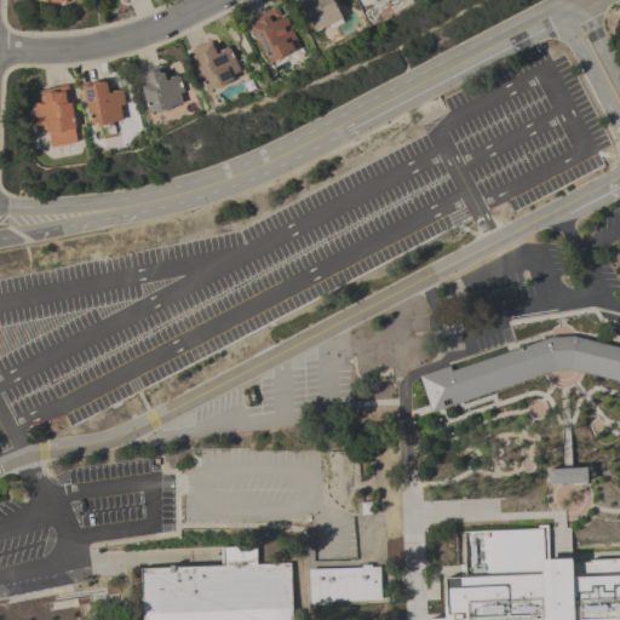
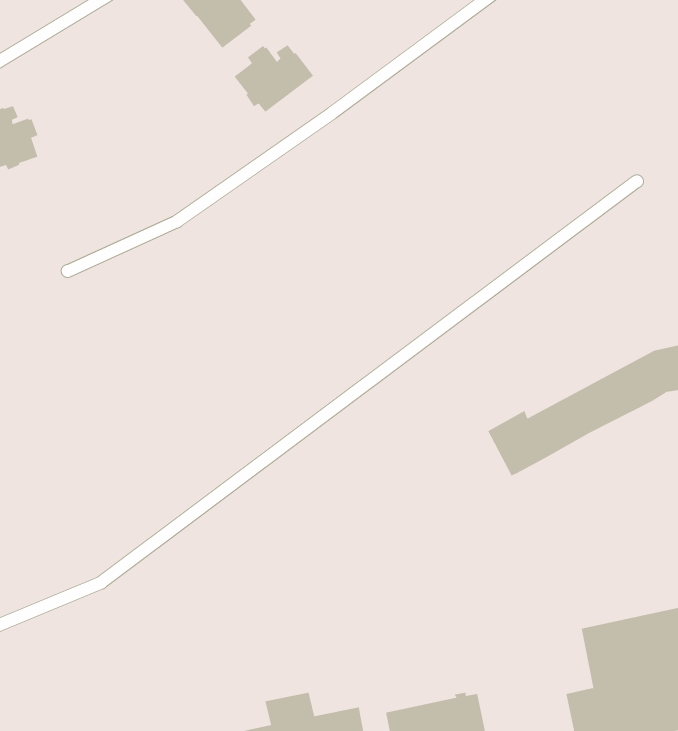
building: [190,40,243,92] -> none
building: [138,64,186,113] -> none
building: none -> [234,44,314,113]

